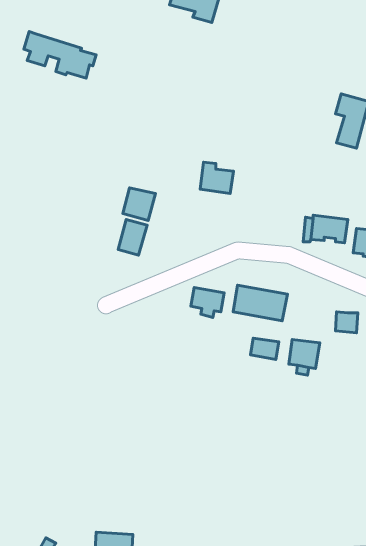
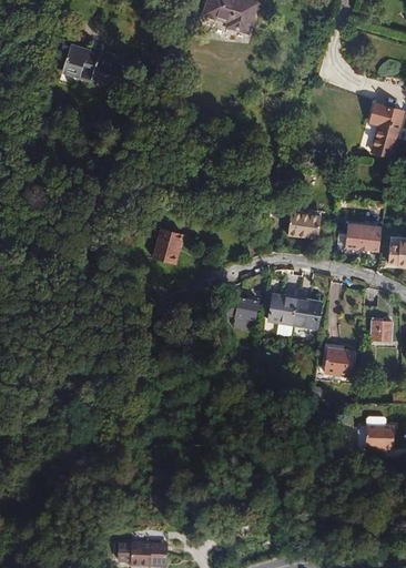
building: [200,162,233,193] -> [287,209,321,240]
building: [123,188,155,220] -> none
building: [251,338,279,359] -> none
building: none -> [357,426,394,460]

